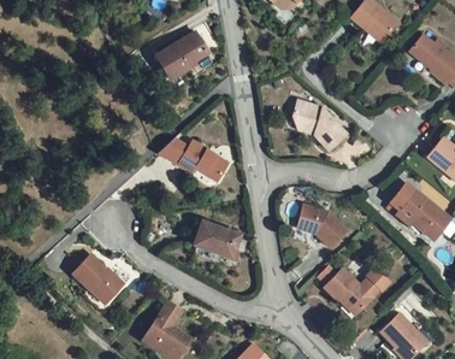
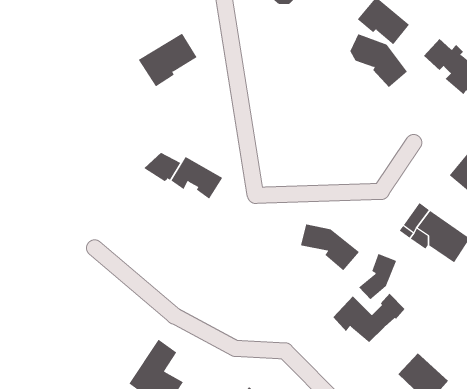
building: [291,102,343,151] -> [350,34,408,88]
building: [194,224,242,257] -> none
building: none -> [358,253,397,300]
building: [75,257,125,307] -> none

